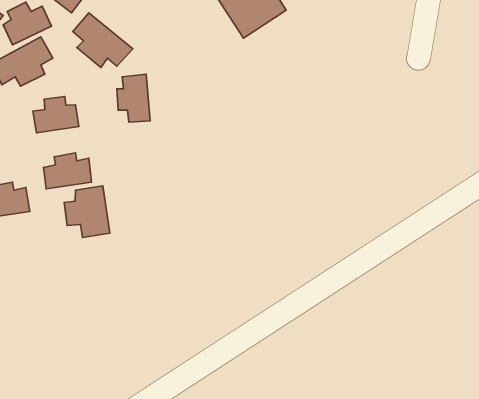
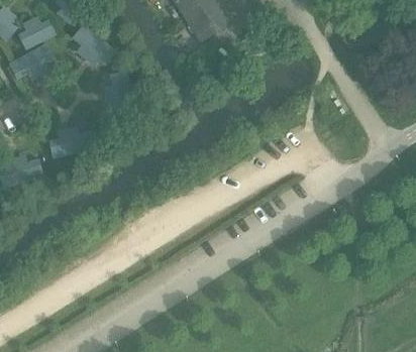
building: [33,96,79,133] -> none
building: [64,186,110,238] -> none

